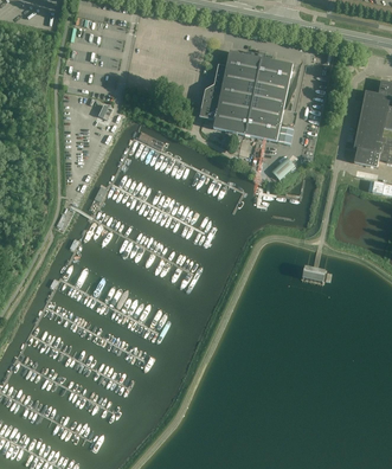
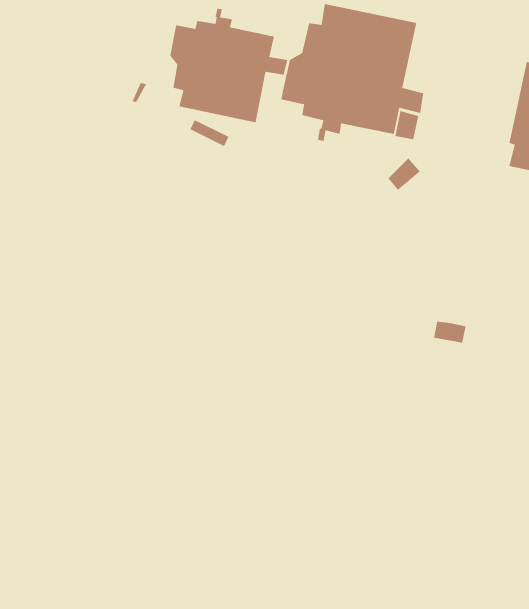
building: none -> [169,8,288,123]

